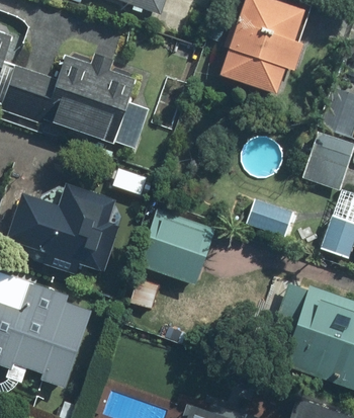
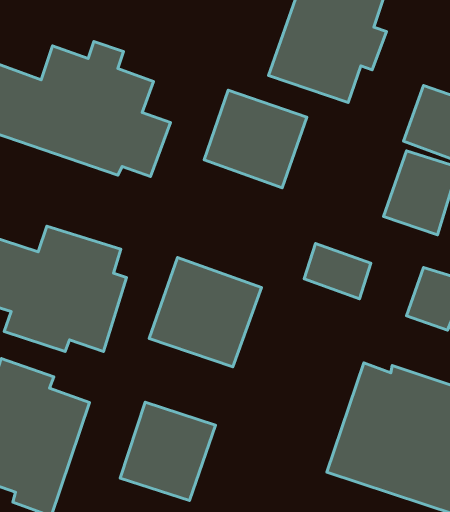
building: none -> [204,90,307,188]
building: none -> [120,402,215,501]

